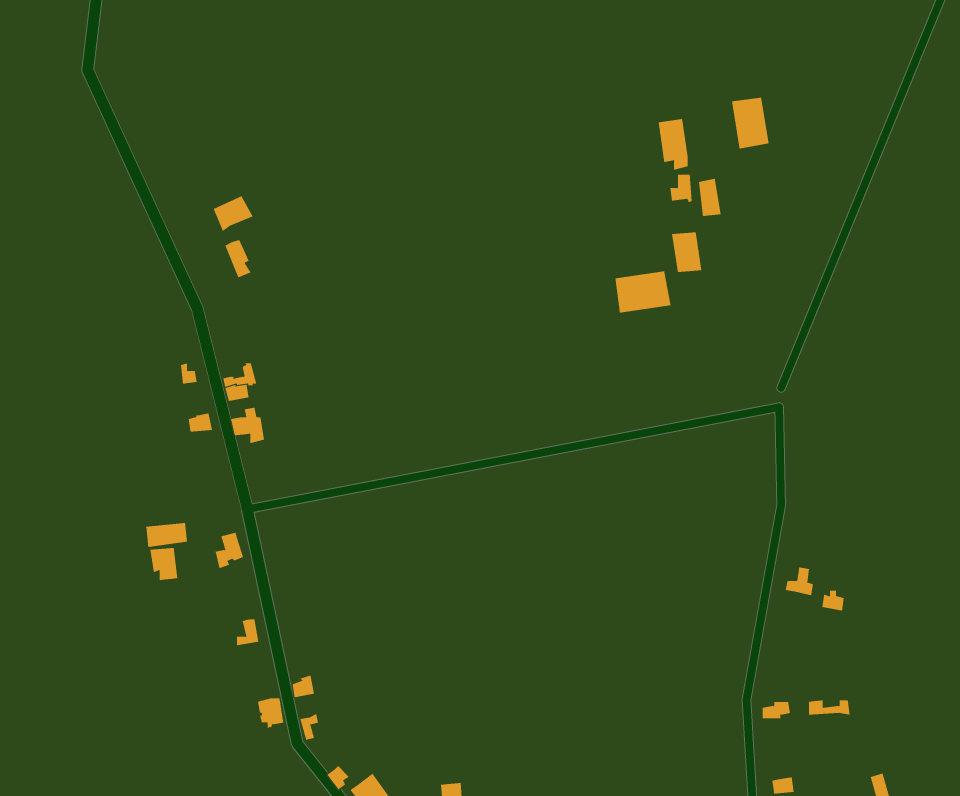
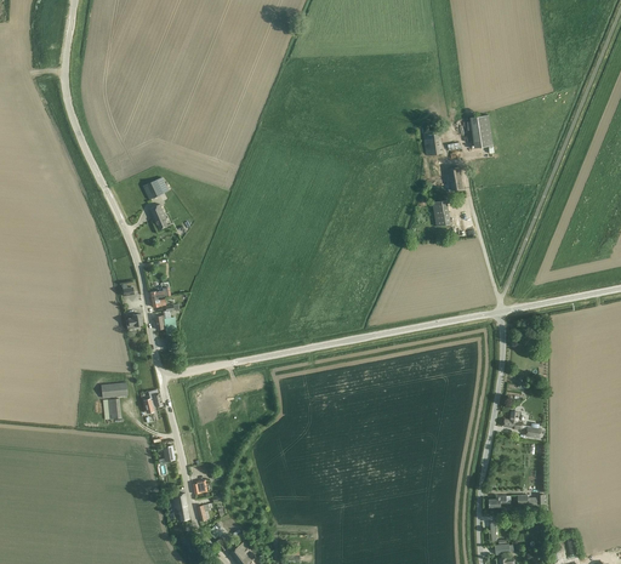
building: [615,271,671,314] -> none

